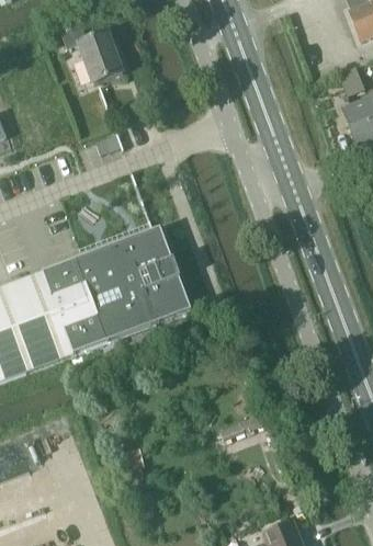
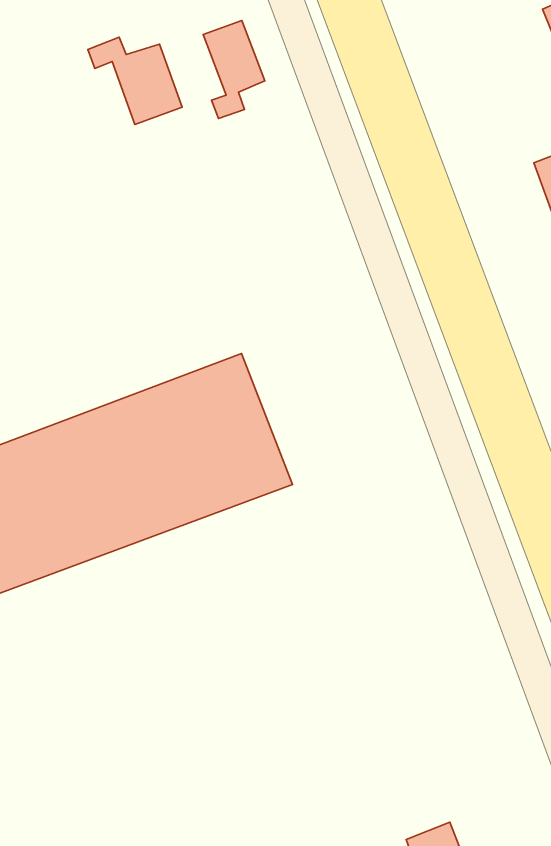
building: none -> [203,20,265,119]

